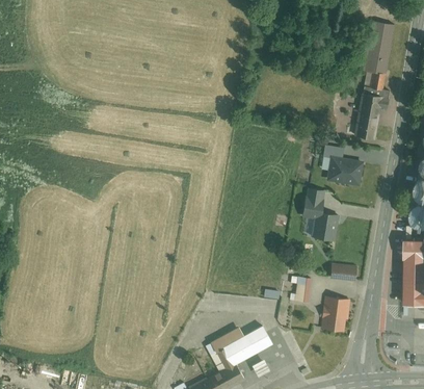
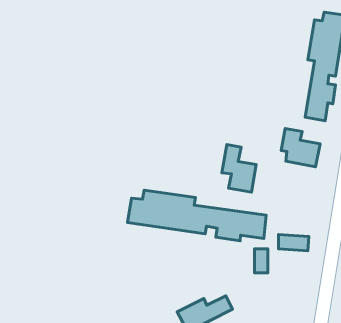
building: [306,193,343,245] -> [222,144,256,192]
building: none -> [127,190,266,241]
building: [321,299,346,329] -> none

